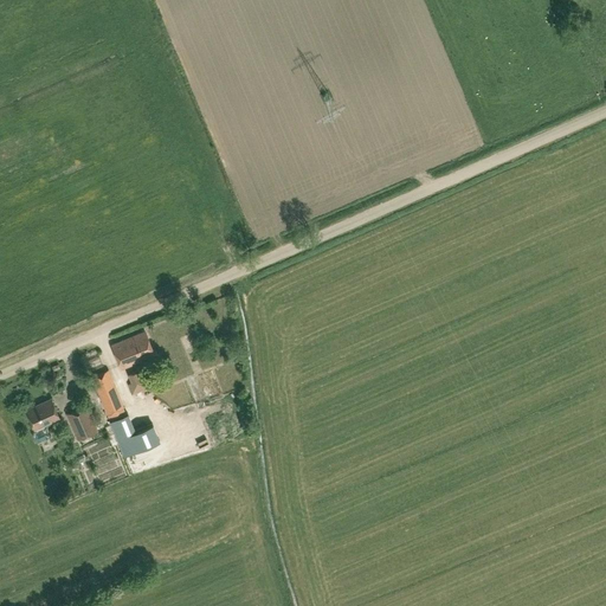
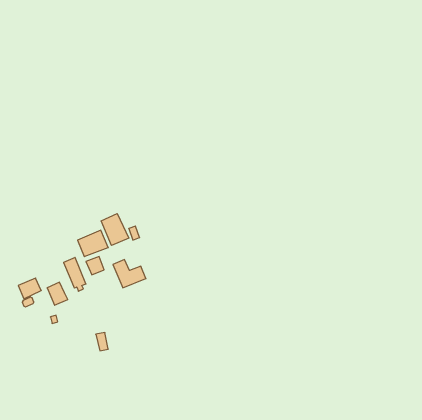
building: none -> [101,214,129,245]
building: [110,418,157,458] -> [113,260,146,288]

